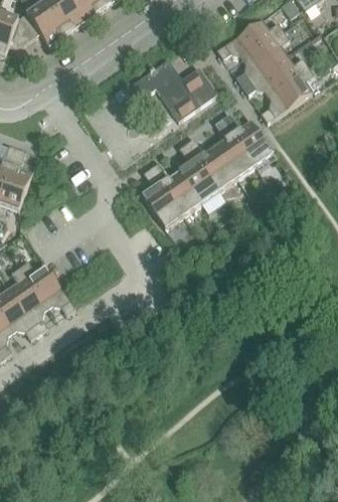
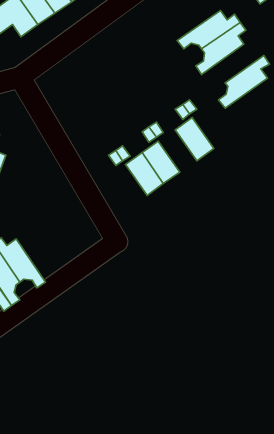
building: [241,53,308,95] -> none
building: [133,61,216,120] -> none
building: [231,120,273,165] -> none
building: [195,145,236,190] -> none
building: [142,182,183,227] -> none

